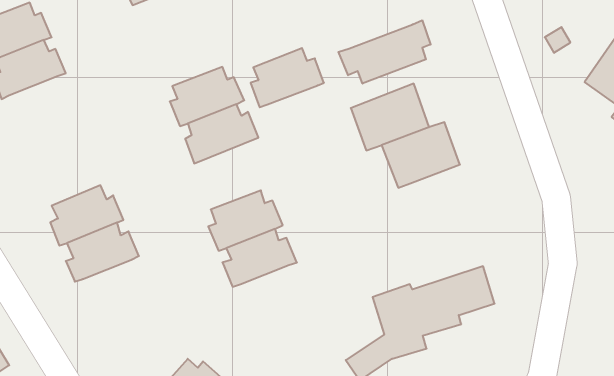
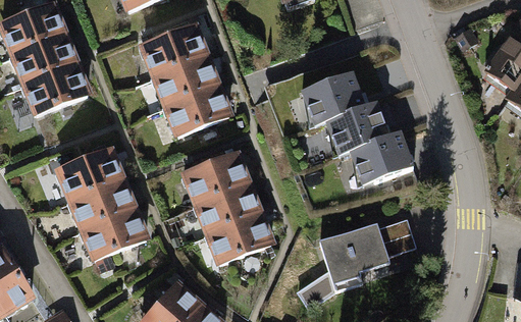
building: [338,20,431,84] -> none
building: [251,48,324,107] -> [147,30,205,76]
building: none -> [29,66,88,114]
building: none -> [351,132,413,185]
building: none -> [87,212,145,259]
building: none -> [212,216,270,263]

